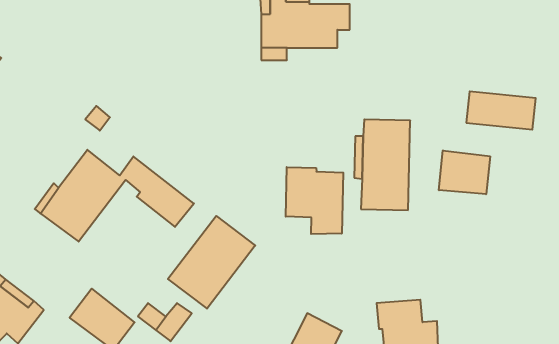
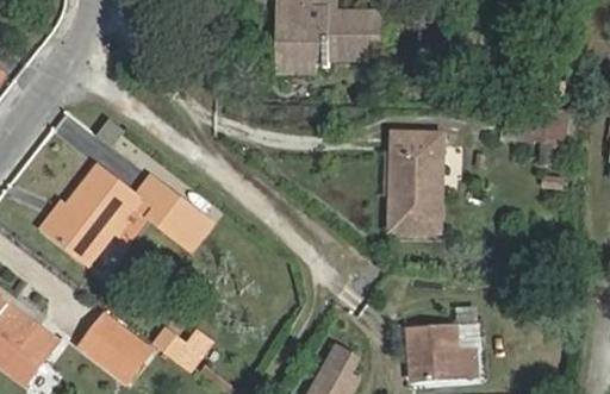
building: [439,150,490,194] -> none
building: [286,167,343,234] -> none
building: [168,216,255,309] -> none

